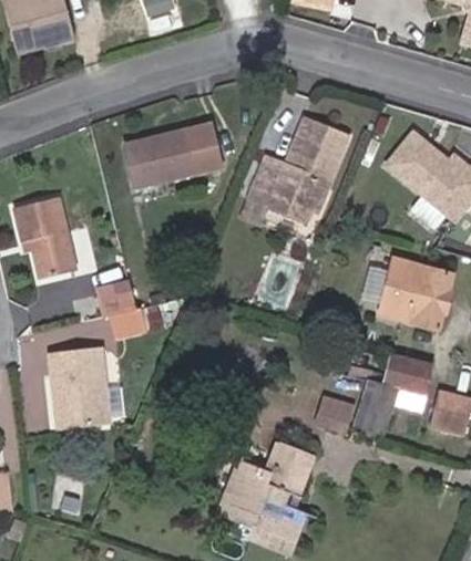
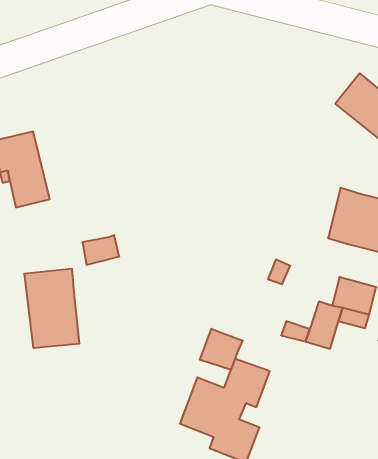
building: [248,115,347,219] -> none
building: [137,120,233,179] -> none
building: [104,276,146,316] -> none
building: none -> [200,329,243,370]

